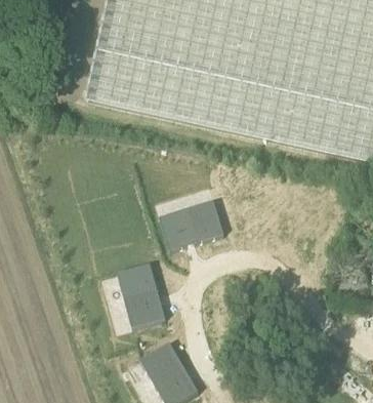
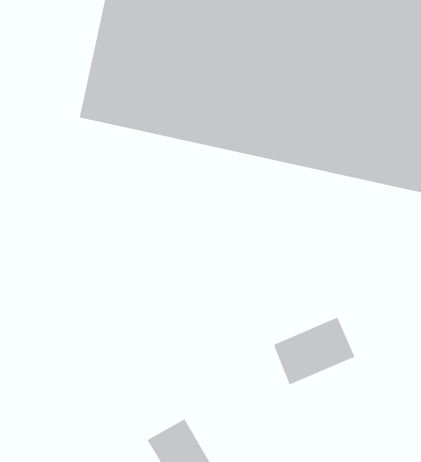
building: [161,198,227,253] -> [273,316,356,385]
building: [116,261,165,326] -> none

